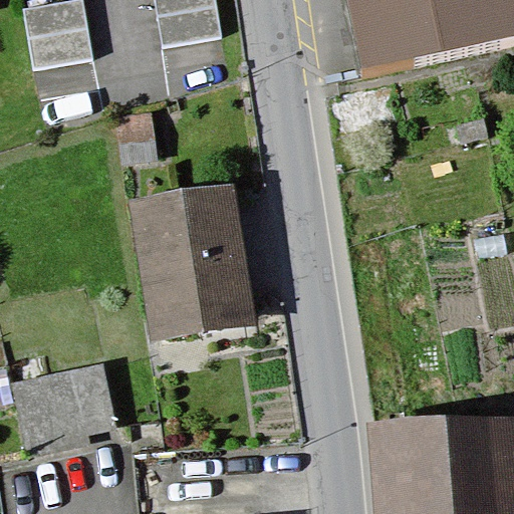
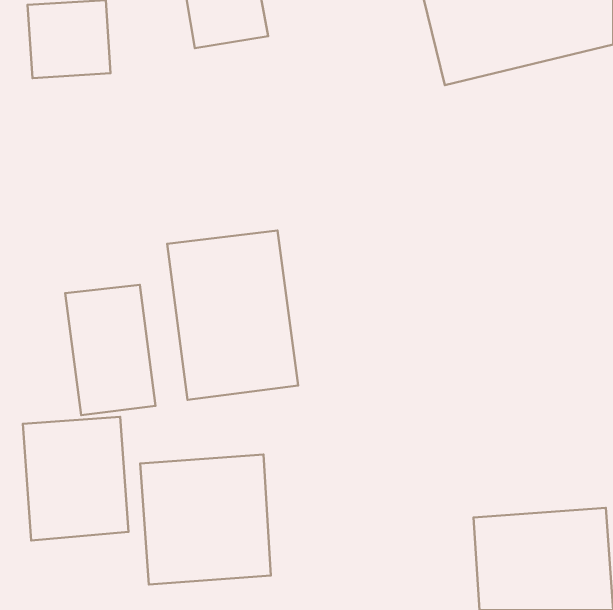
building: none -> [65,285,156,415]
building: none -> [140,454,271,584]

